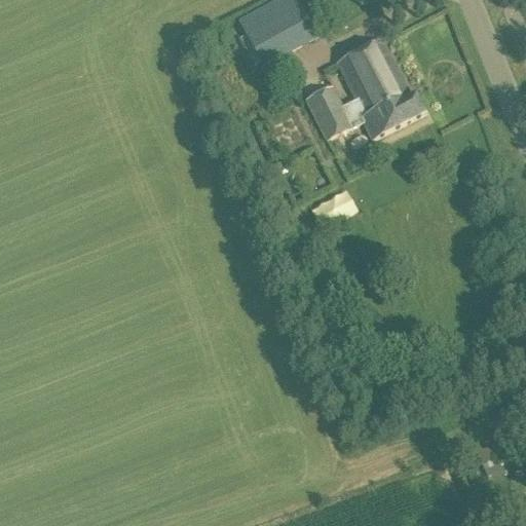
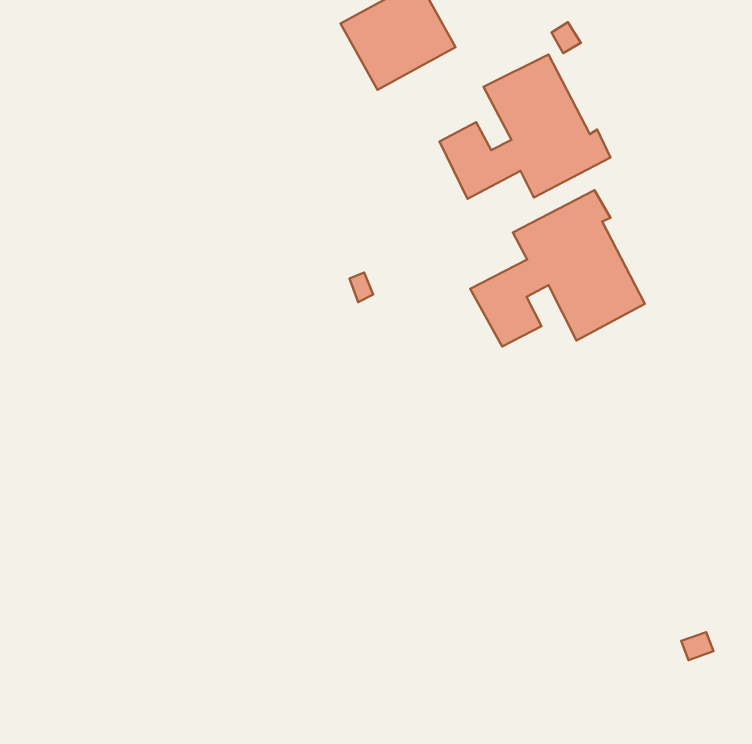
building: none -> [470,190,645,347]

